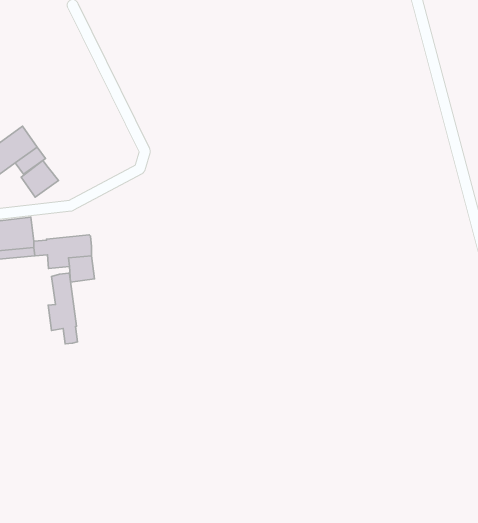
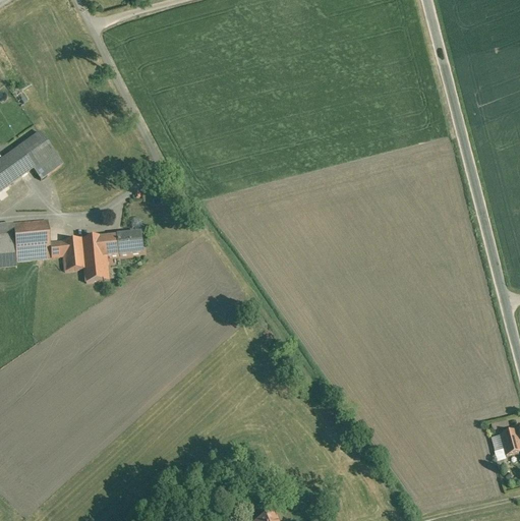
building: [21,160,59,197] -> none
building: none -> [105,233,142,254]
building: [48,273,78,344] -> none

